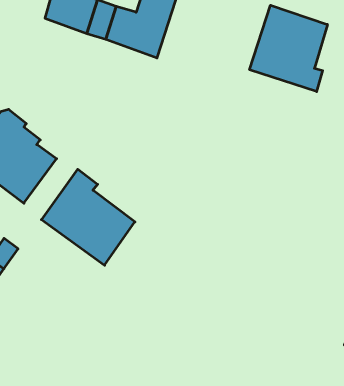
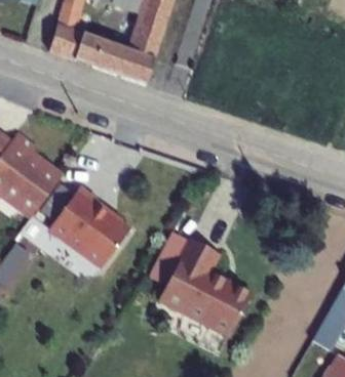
building: [250,5,327,92] -> none
building: none -> [157,237,251,335]

